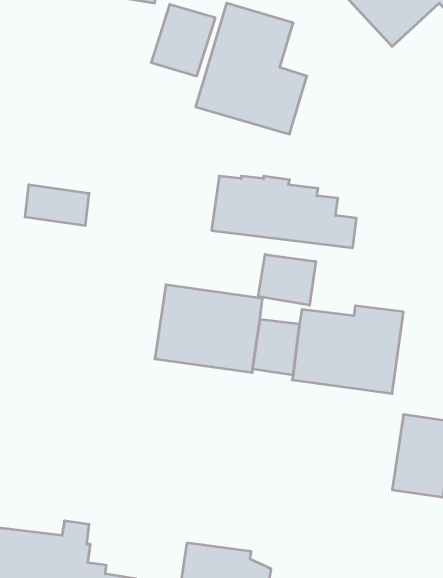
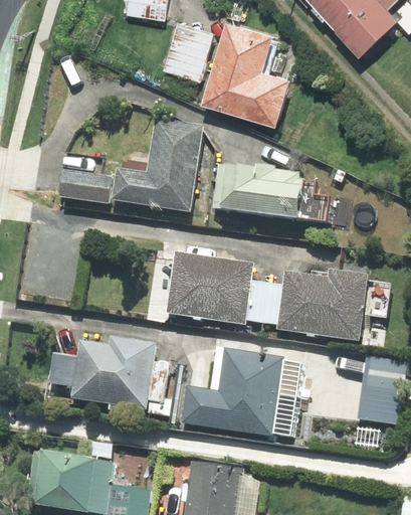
building: none -> [114,116,204,210]
building: [258,254,316,305] -> none
building: none -> [49,337,156,408]
building: none -> [183,349,300,436]

